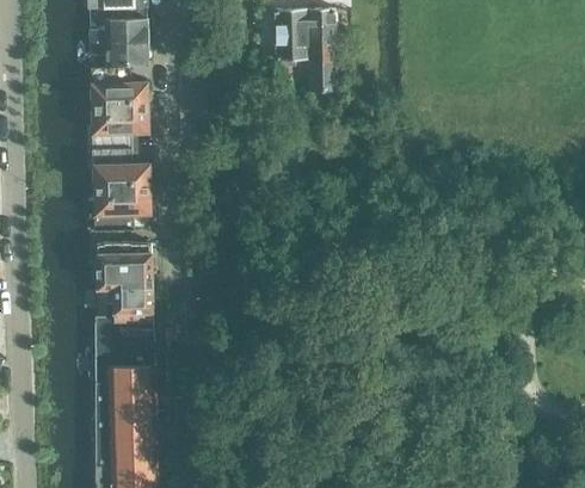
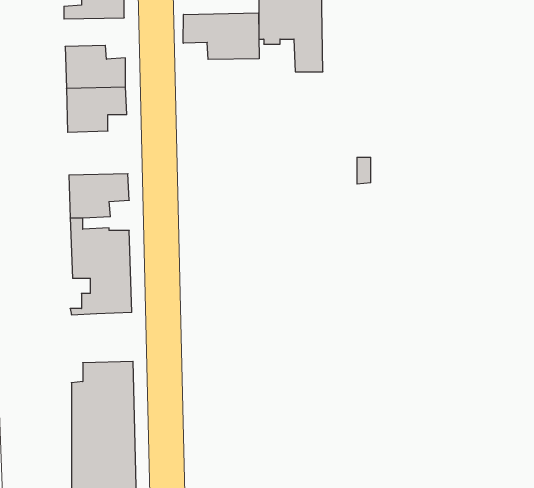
building: none -> [183,13,259,59]
building: [90,42,148,66] -> none
building: [93,149,150,191] -> none
building: [97,322,155,388] -> none

